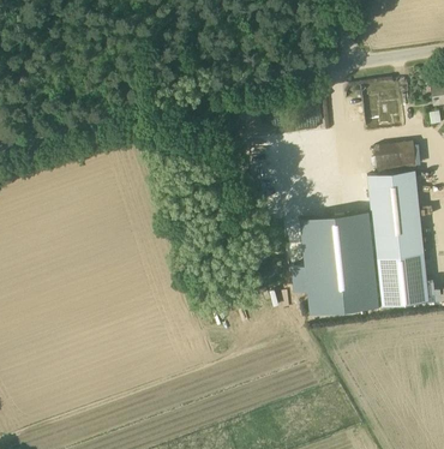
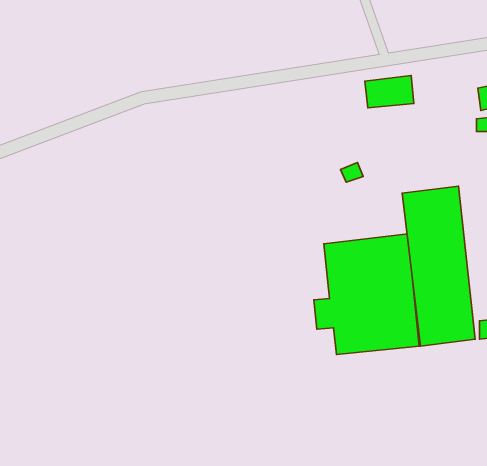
building: [374,142,416,169] -> [365,75,414,108]

